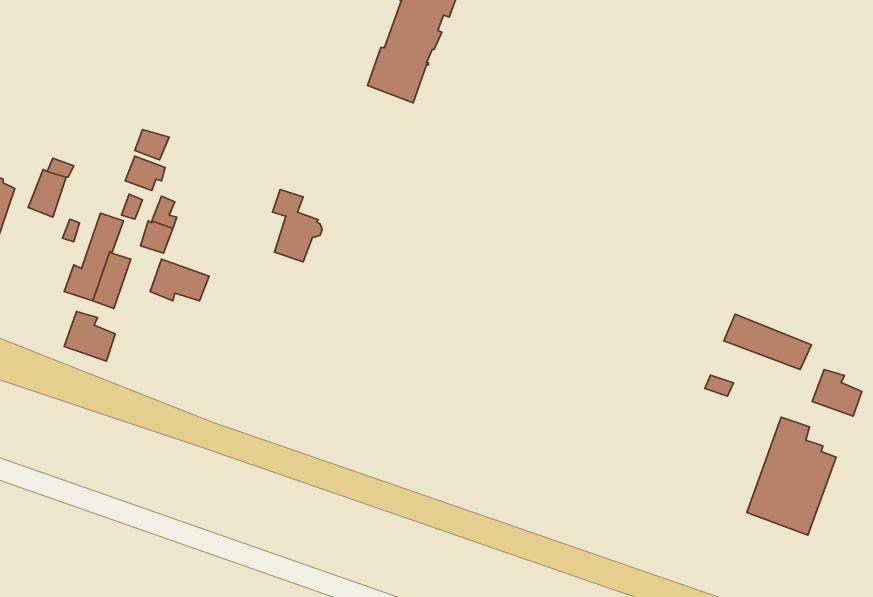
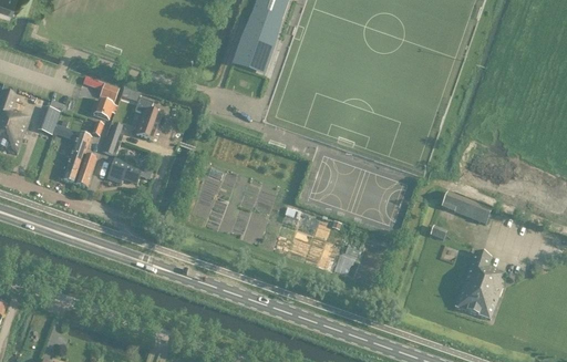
building: [273,189,322,262] -> [135,96,164,138]
building: [64,311,115,361] -> none
building: [812,369,862,416] -> none

